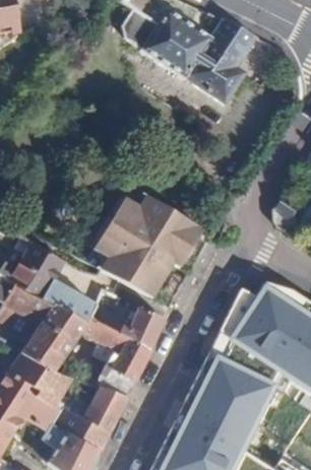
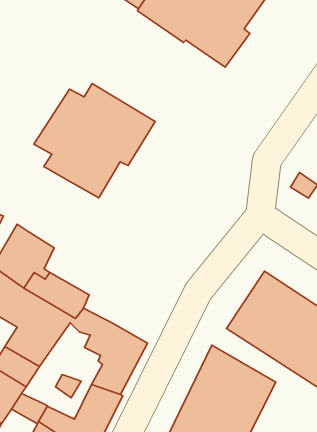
building: [95,196,204,299] -> [34,83,155,198]
building: [121,307,167,349] -> none

